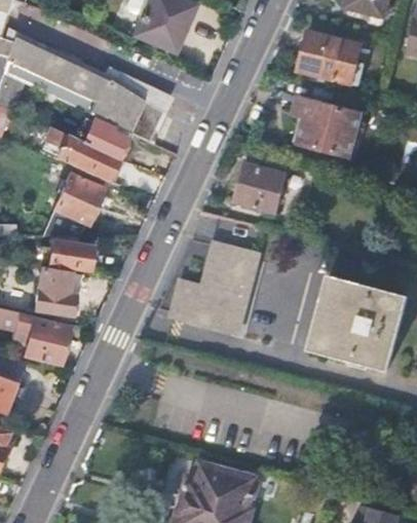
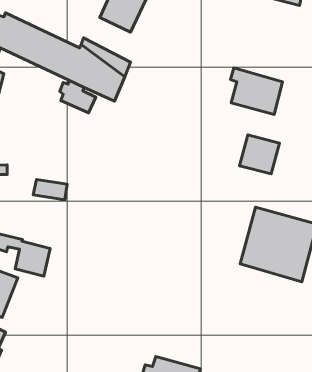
building: [300,33,362,85] -> none
building: [40,125,116,176] -> none
building: [236,161,287,211] -> [240,135,279,174]
building: [50,175,102,225] -> none
building: [176,247,258,329] -> none
building: [34,270,72,313] -> none

